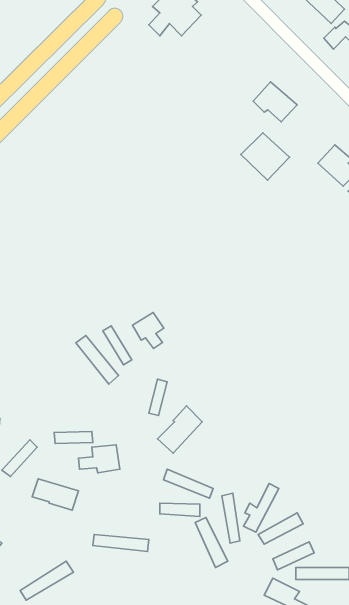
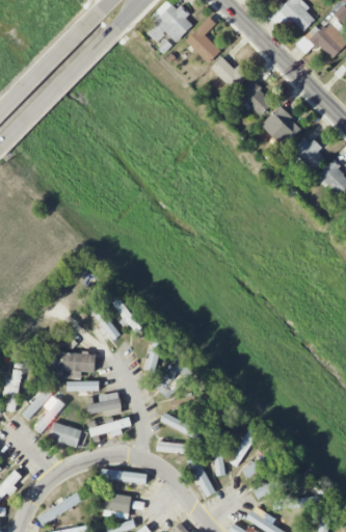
building: none -> [184,16,219,62]
building: none -> [210,56,247,89]
building: [241,133,290,180] -> [260,106,301,147]
building: [132,313,164,348] -> none
building: none -> [46,351,95,372]
building: none -> [33,395,63,433]
building: none -> [87,417,131,436]
building: none -> [105,493,130,517]

